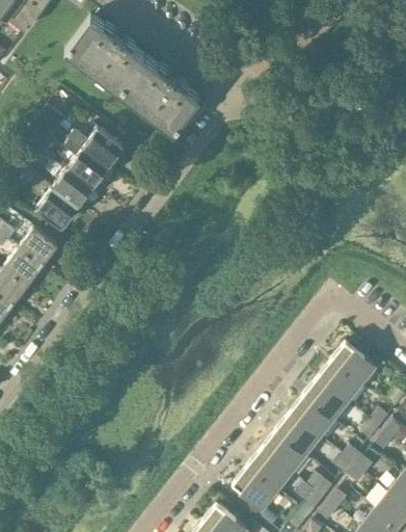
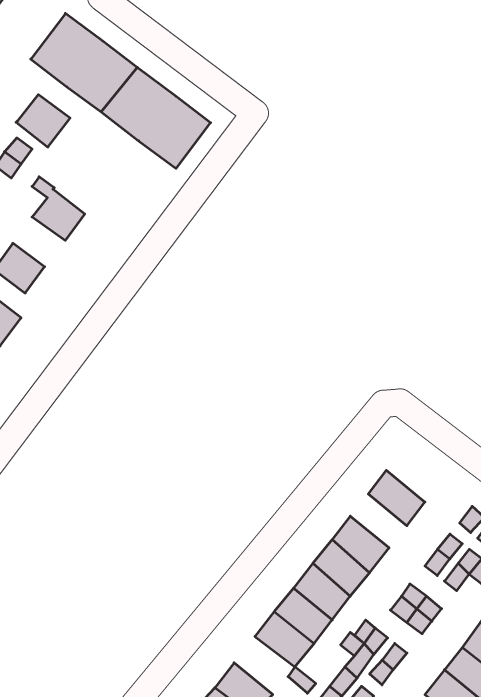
building: [81,129,121,168] -> [16,95,70,147]
building: [51,170,90,208] -> none
building: [331,340,375,384] -> none
building: [304,378,347,419] -> none

